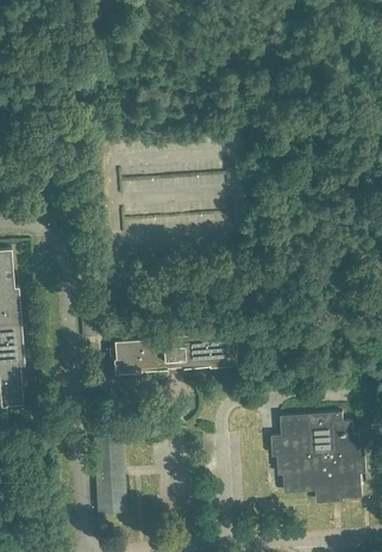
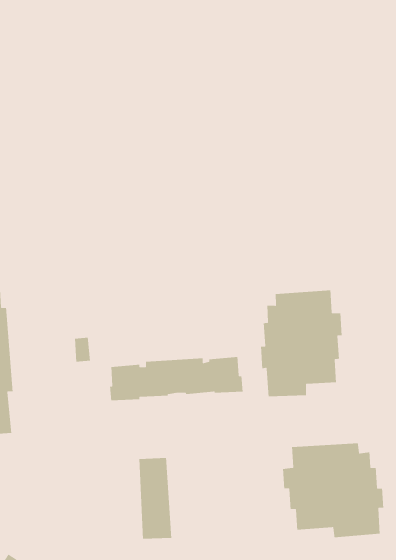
building: none -> [260,290,343,397]
building: [94,438,125,514] -> [138,457,172,540]

